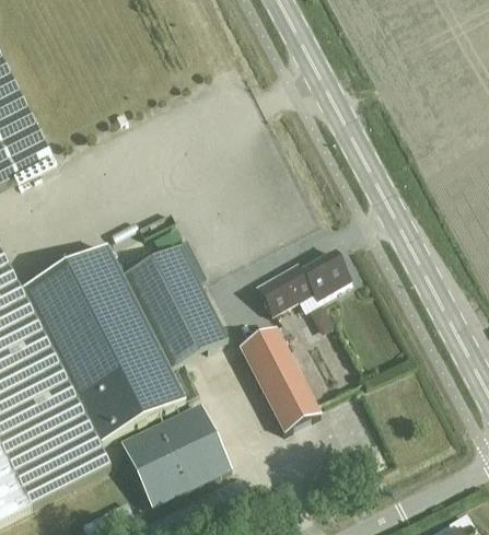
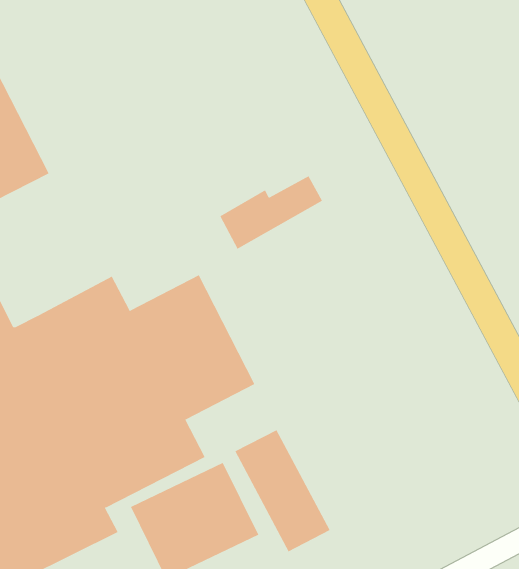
building: [257,249,346,313] -> [219,175,323,249]
building: [238,325,321,430] -> [235,429,330,552]

